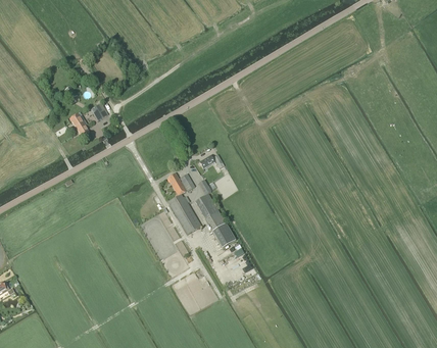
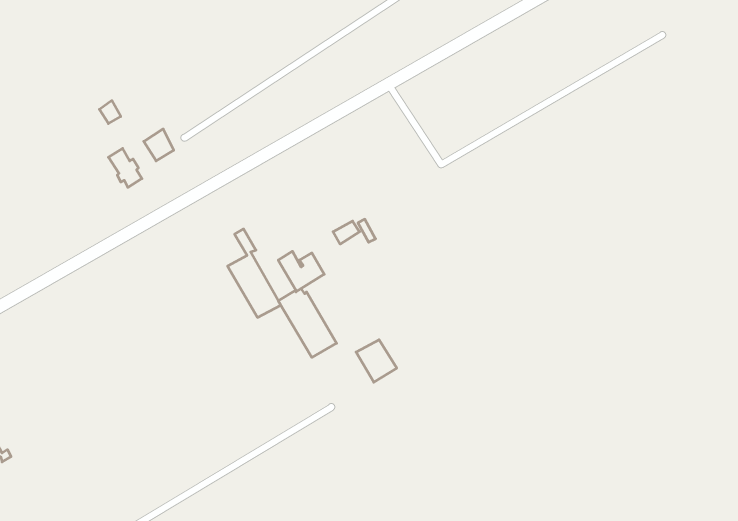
building: [195,180,226,231] -> [228,229,281,317]

